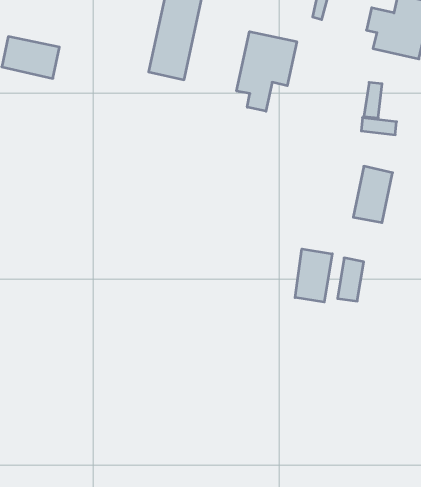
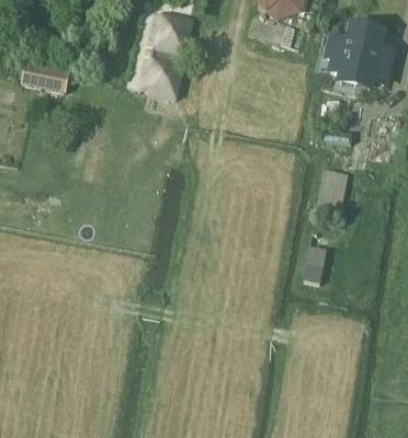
building: [237,32,297,111] -> none
building: [295,249,332,302] -> none

